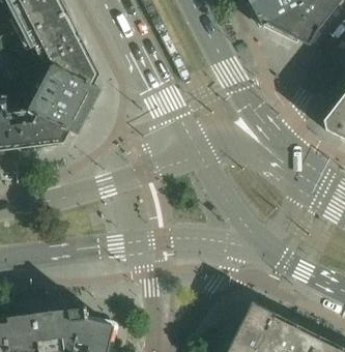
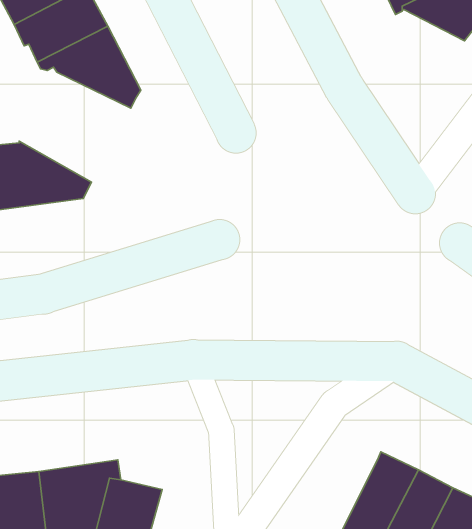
building: [19,63,102,136] -> none

